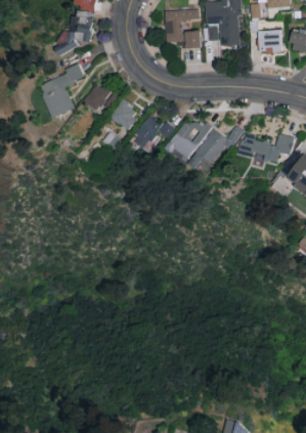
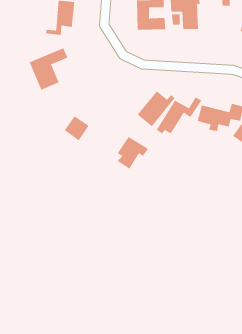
building: [258,30,281,53] -> none
building: [83,82,117,112] -> none
building: [110,99,140,130] -> [64,115,89,141]
building: [136,114,174,154] -> [117,136,149,170]

